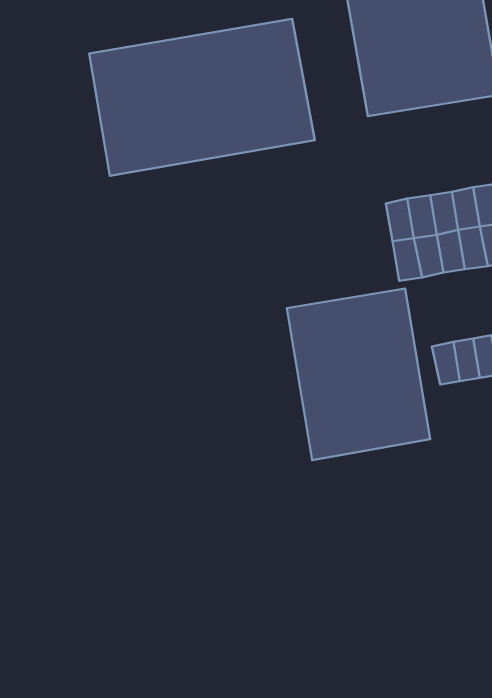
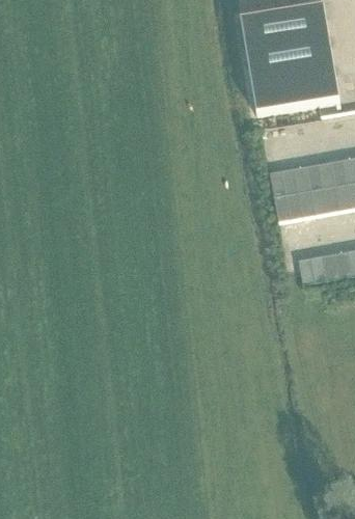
building: [89,19,315,176] -> none
building: [287,289,430,460] -> none

